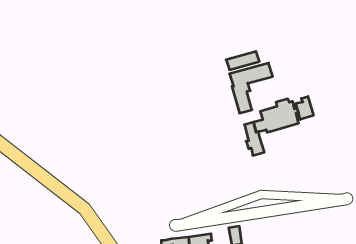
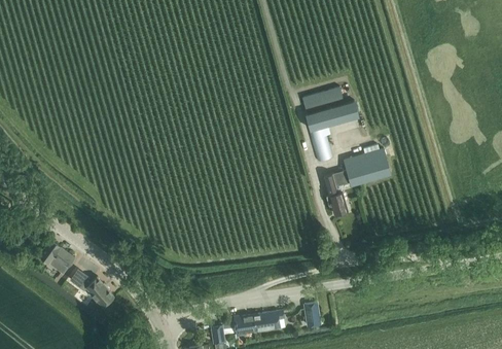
building: [296,96,313,120] -> none
building: none -> [38,241,74,275]
building: none -> [70,270,113,307]

